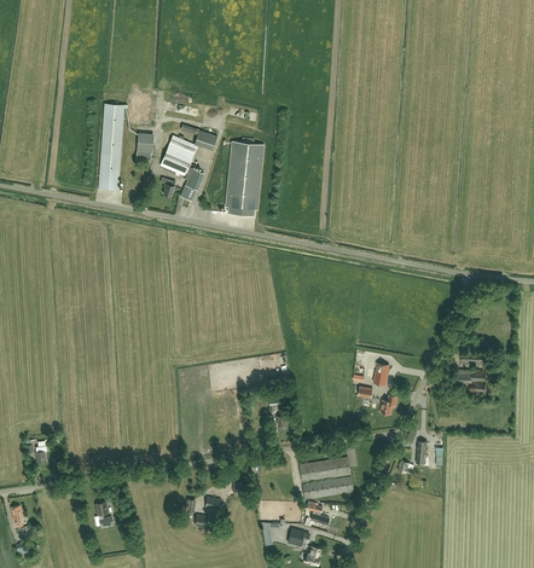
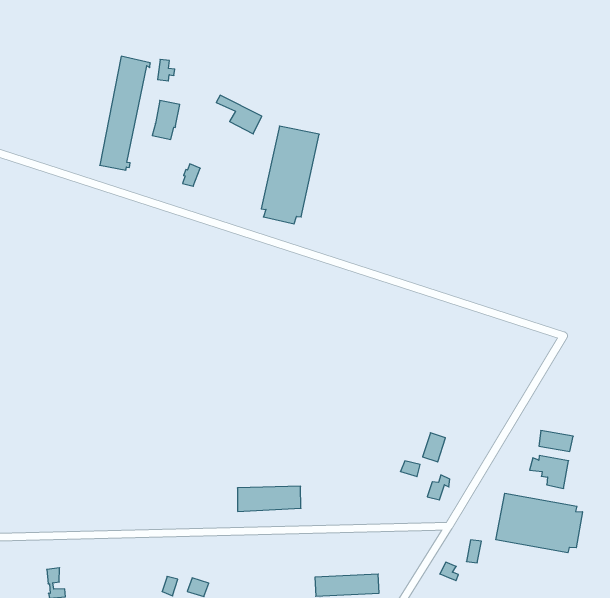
building: [159,135,203,204] -> none
building: none -> [496,493,582,553]
building: [300,457,350,482] -> [237,486,301,511]

